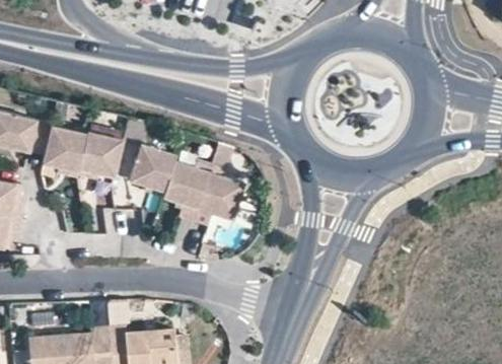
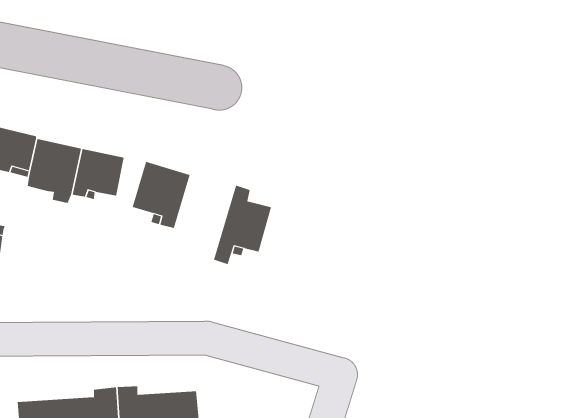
building: [159,158,209,223] -> none

